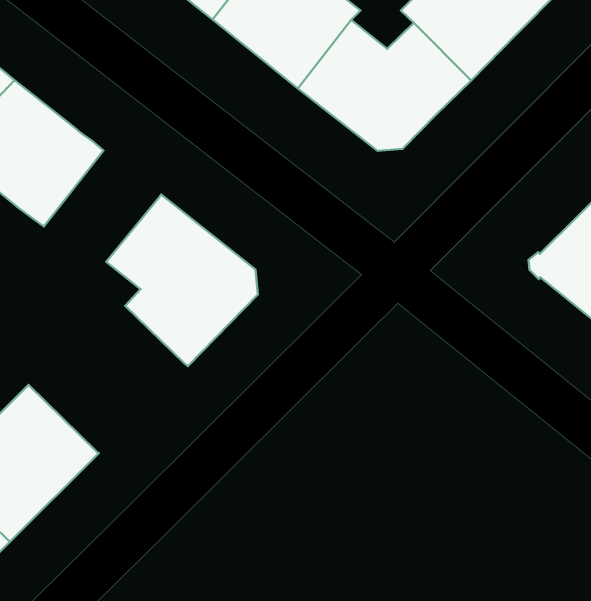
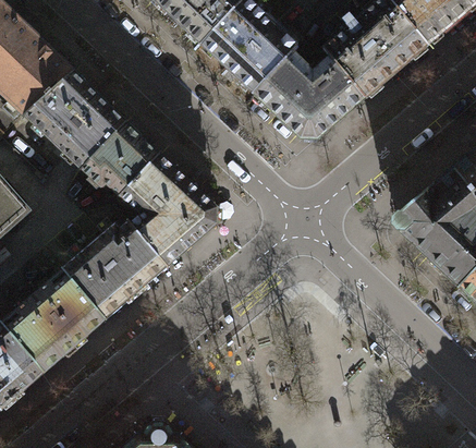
building: none -> [83,121,159,195]
building: none -> [63,220,166,315]

